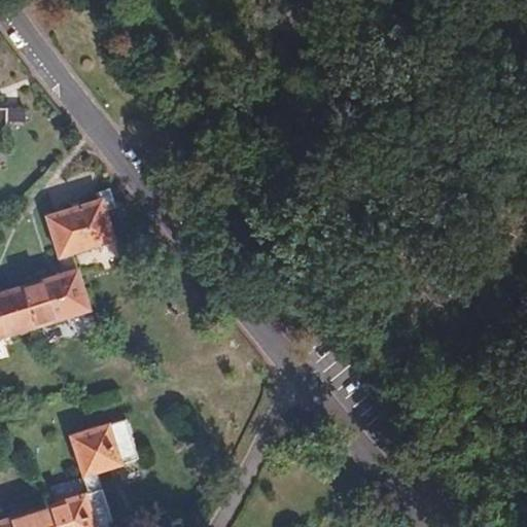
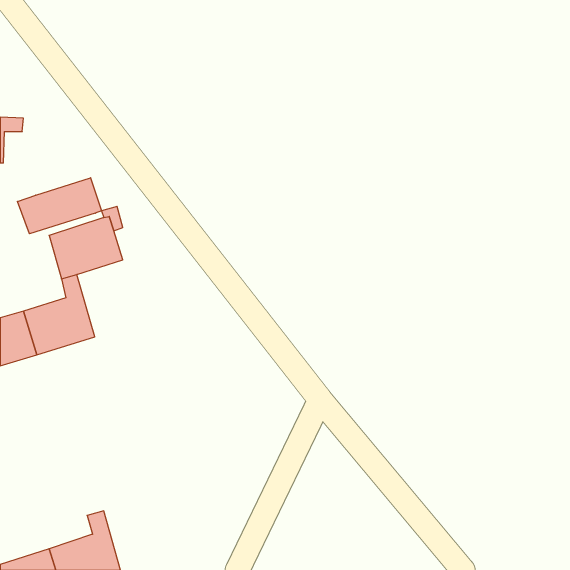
building: none -> [17,178,102,234]
building: [69,419,136,476] -> none

